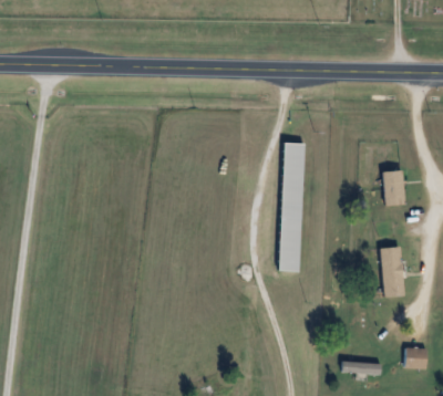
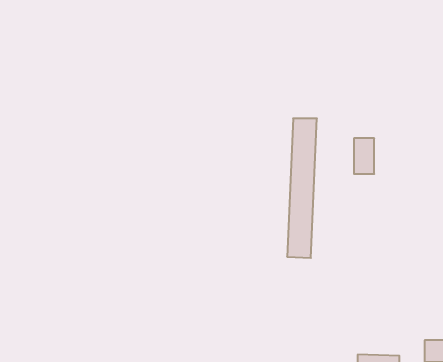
building: [384,171,403,205] -> [354,138,374,174]
building: [381,248,403,298] -> none

